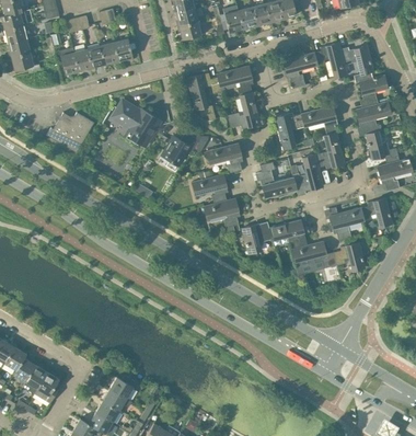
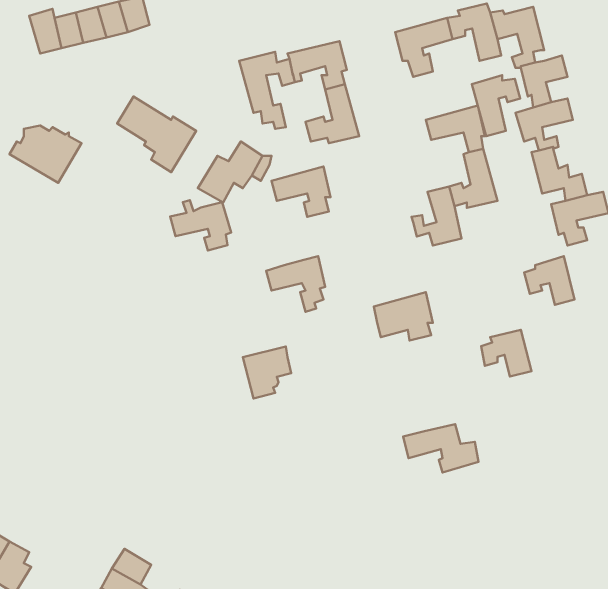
building: [274,112,303,149] -> [472,75,520,136]
building: [259,161,296,197] -> none
building: [190,172,228,203] -> [170,200,231,250]
building: [328,207,363,240] -> none
building: [241,221,270,253] -> [243,346,291,398]
building: [290,241,336,271] -> [403,424,478,472]

